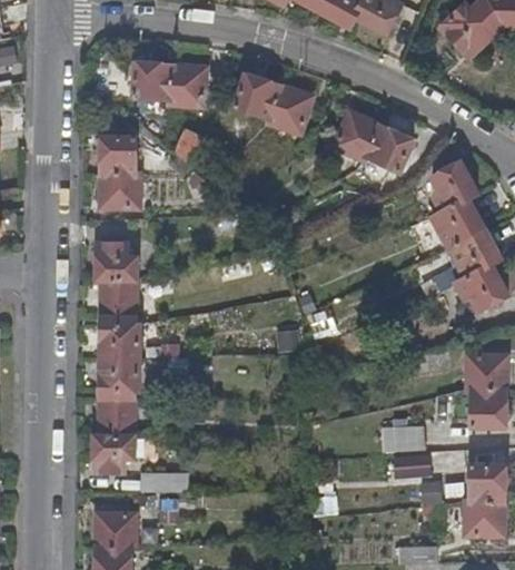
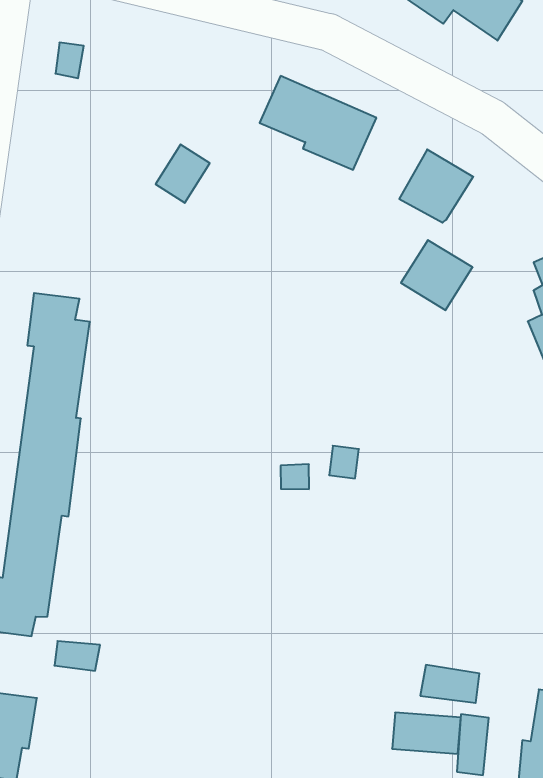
building: [135,62,206,105] -> none
building: [367,125,414,170] -> [401,240,473,310]
building: [101,135,140,205] -> none
building: [379,426,425,453] -> [392,713,461,754]

